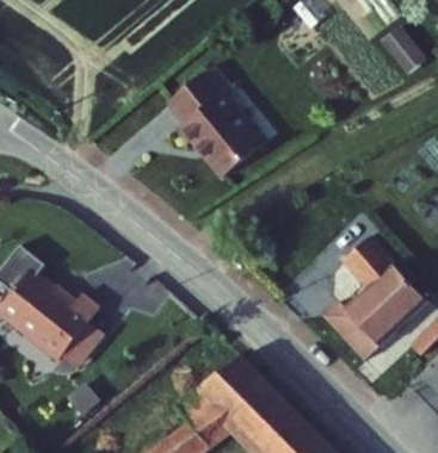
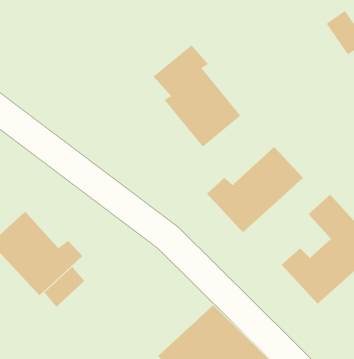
building: none -> [206,146,304,233]

